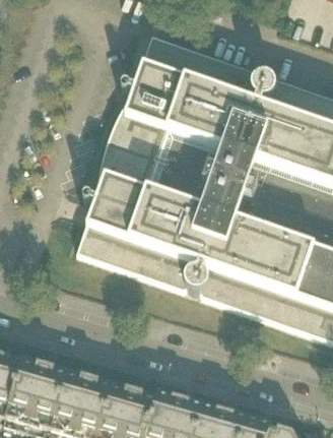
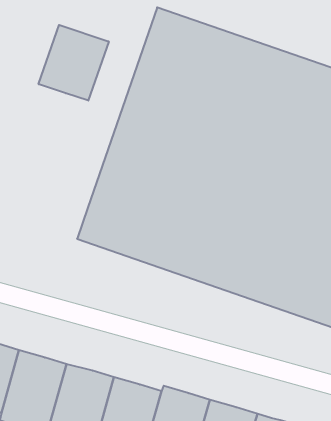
building: none -> [39,25,109,101]

